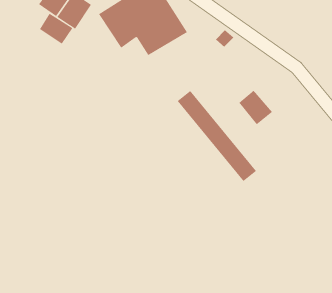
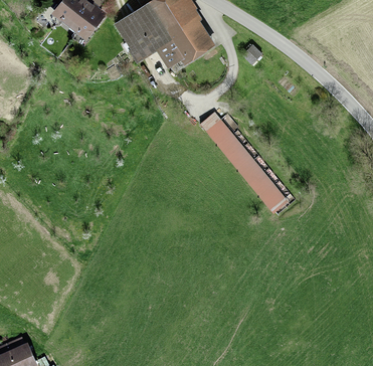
building: [39,13,73,45] -> none
building: [239,90,273,125] -> none

